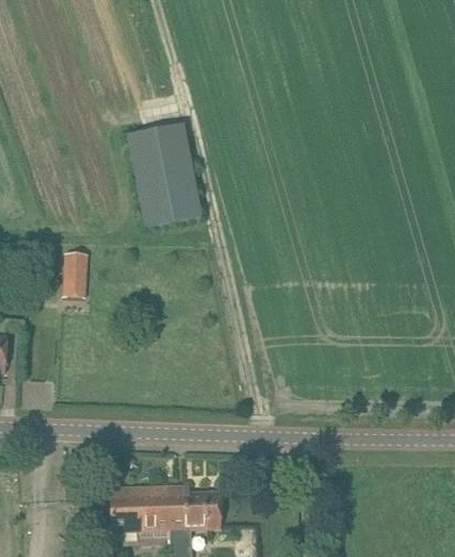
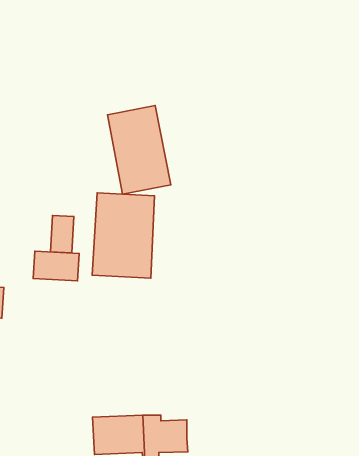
building: none -> [92,193,155,278]
building: none -> [33,251,79,281]

